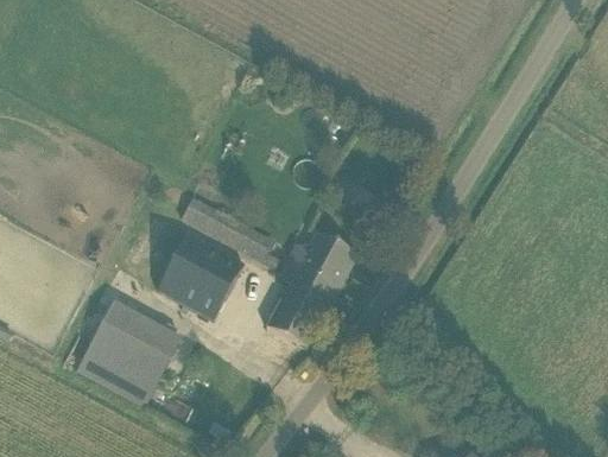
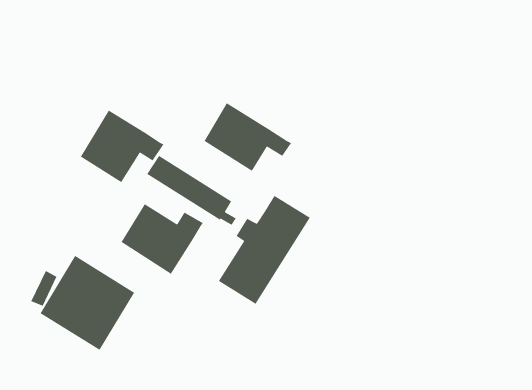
building: none -> [203,102,292,172]
building: none -> [80,109,165,183]

